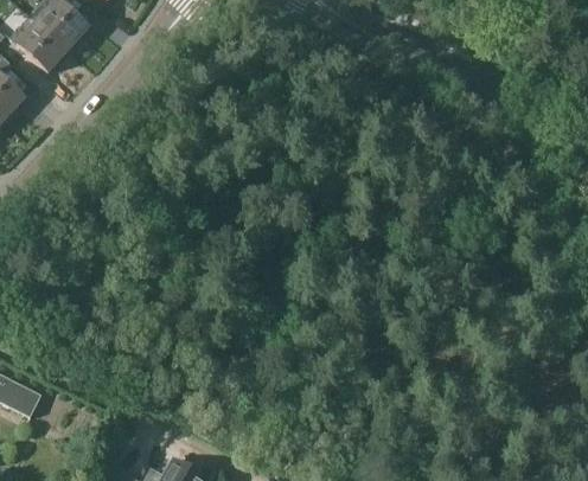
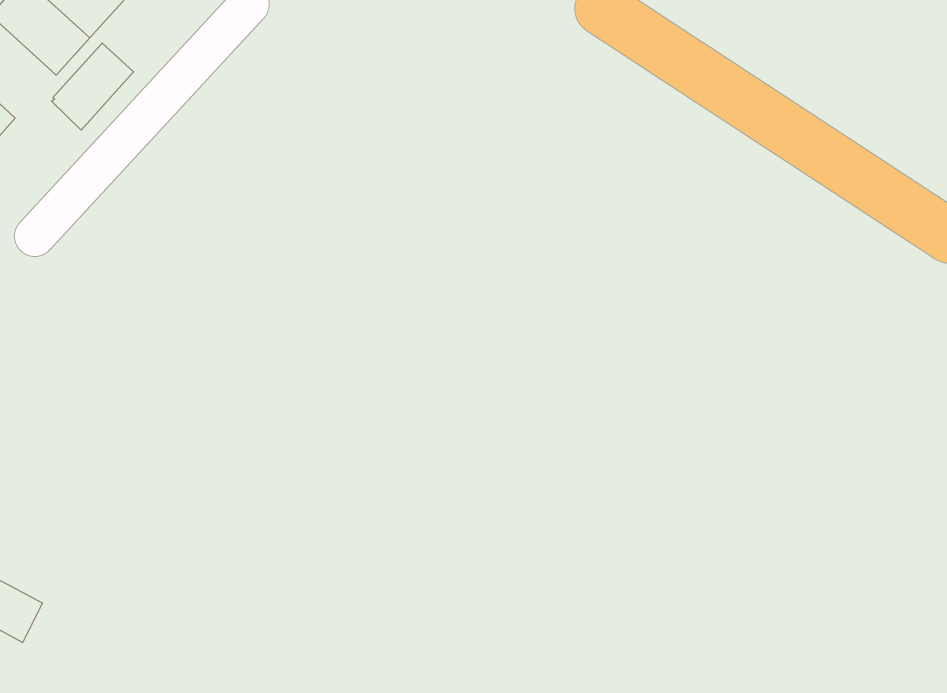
building: none -> [51,43,134,130]

